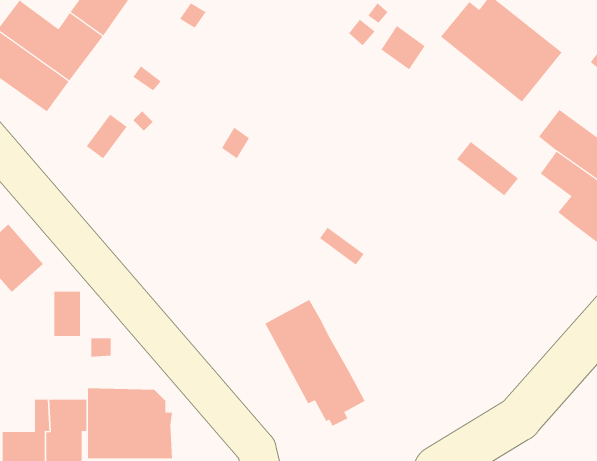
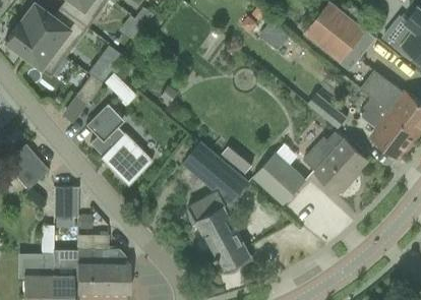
building: none -> [84,105,152,186]
building: none -> [303,132,366,192]
building: none -> [182,144,248,205]
building: none -> [254,154,305,204]

